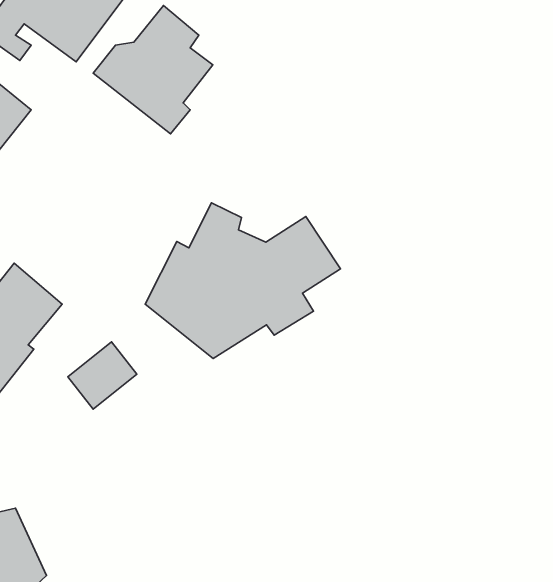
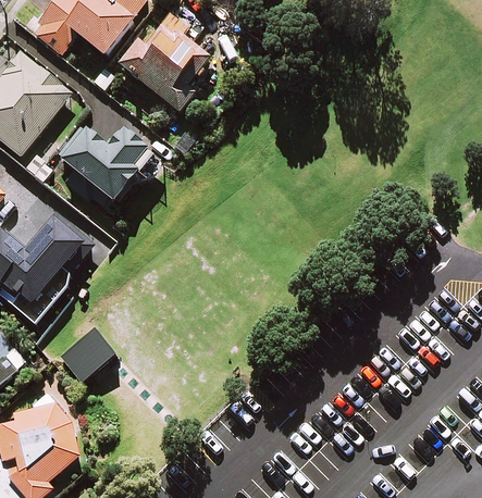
building: none -> [57,123,156,203]
building: [145,203,340,359] -> none
building: [68,342,137,409] -> [61,329,114,382]

